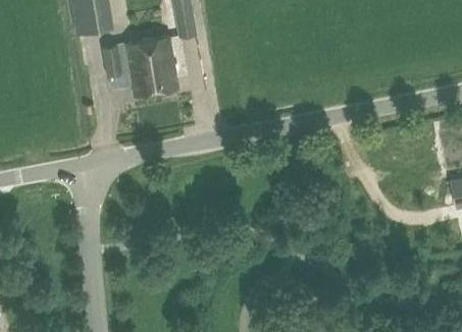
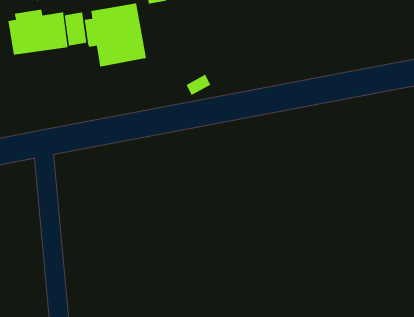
building: none -> [8,9,68,56]

